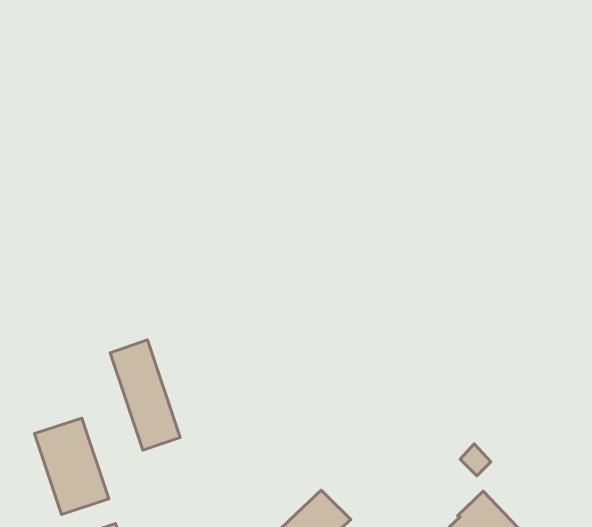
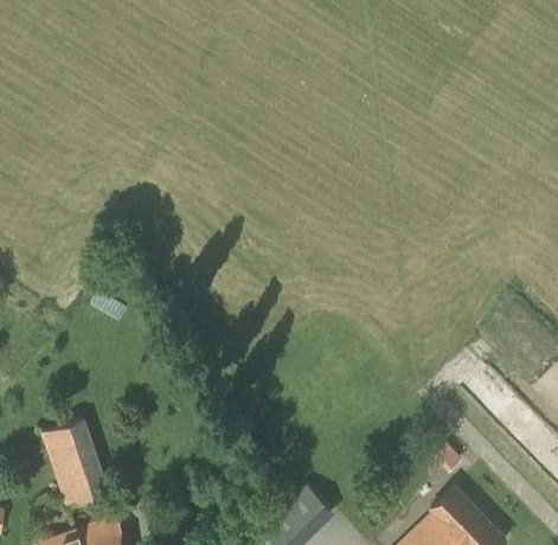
building: [110,340,180,450] -> none

